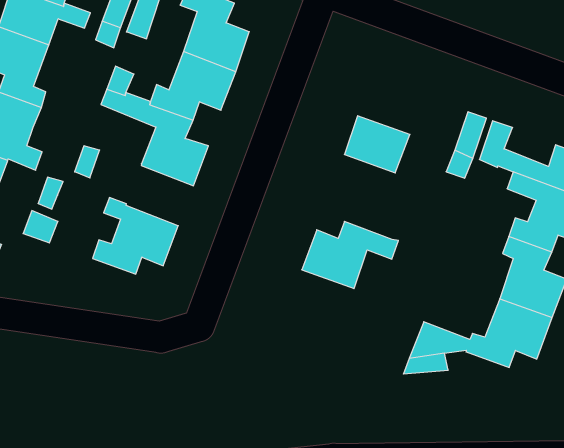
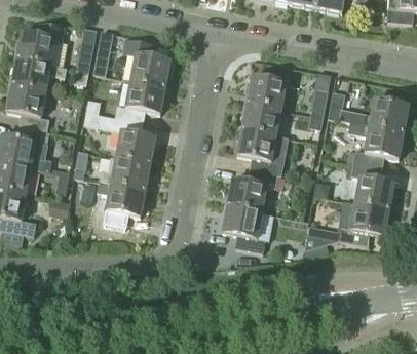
building: none -> [245,77,286,110]
building: none -> [236,129,288,178]
building: none -> [99,157,150,192]
building: none -> [223,206,265,252]

